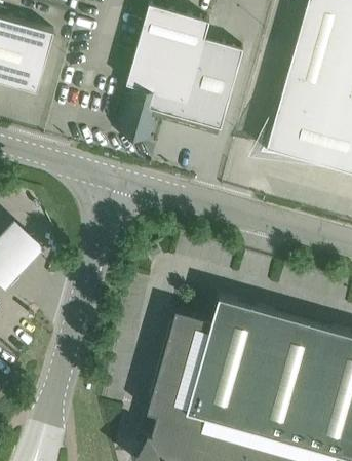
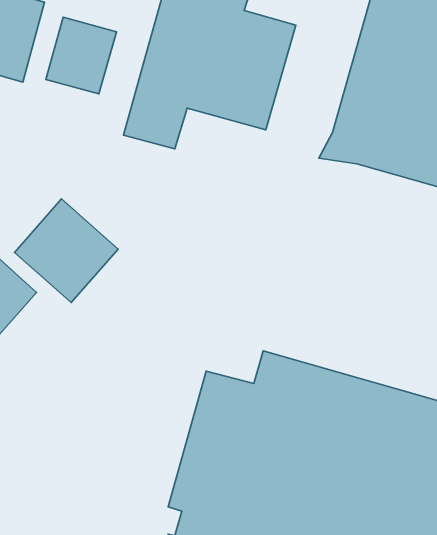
building: none -> [46,17,117,94]
building: none -> [15,199,118,303]

